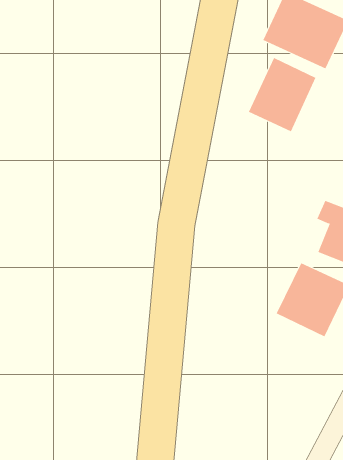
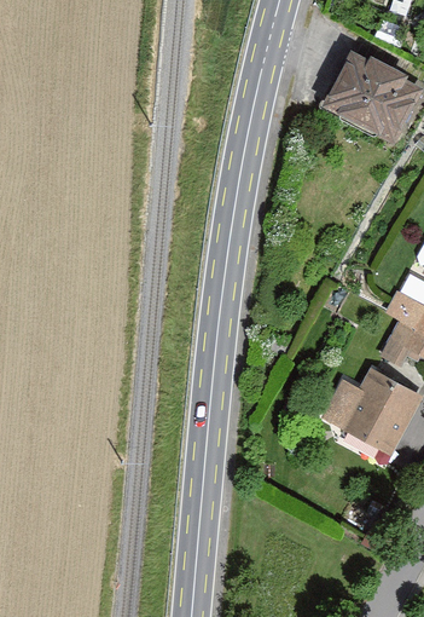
building: [248,57,316,132] -> none

